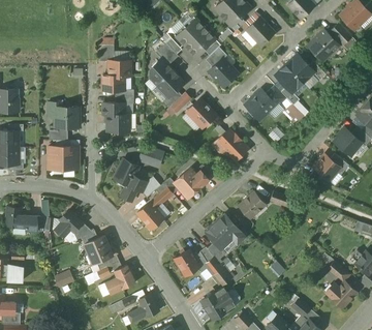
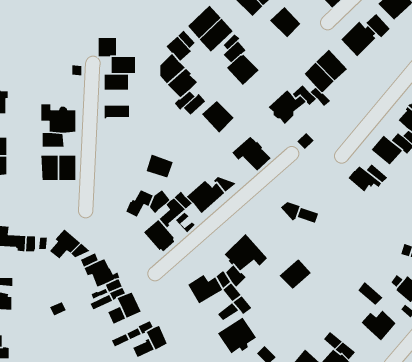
building: [103,114,128,131] -> none
building: [113,158,138,186] -> none
building: [237,191,266,218] -> [279,259,312,290]

